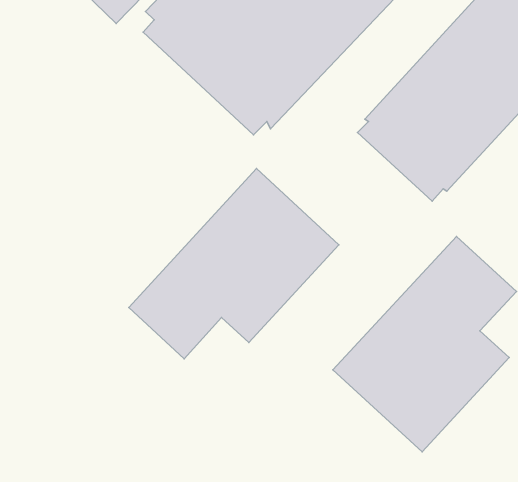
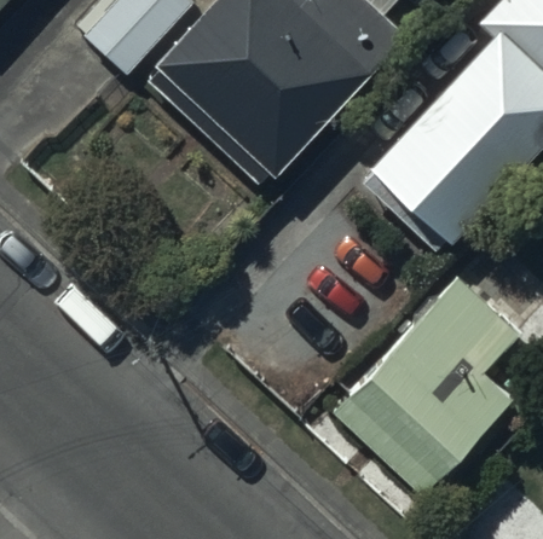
building: [129,168,339,359] -> none

